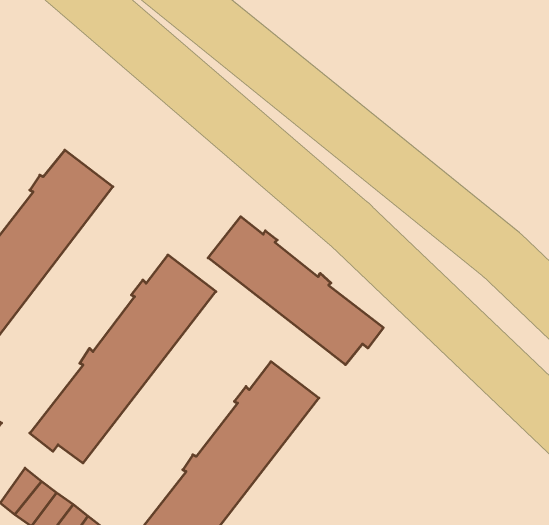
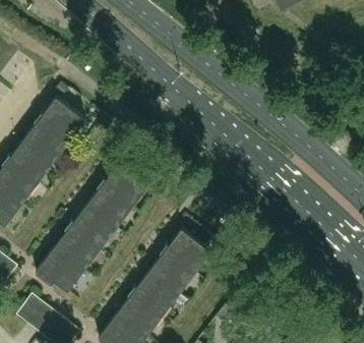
building: [208,217,383,365] -> none

